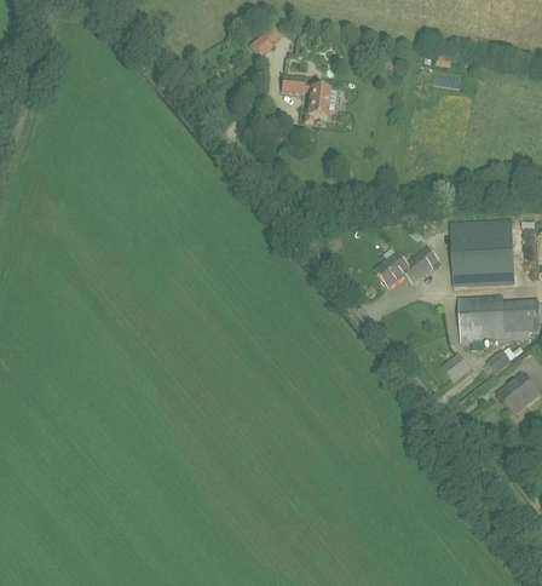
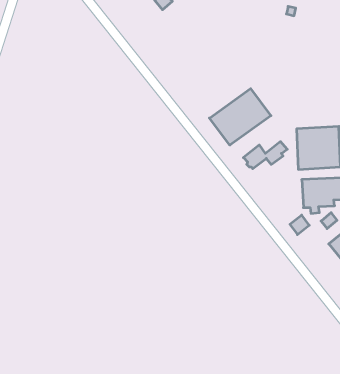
building: [281,75,330,121] -> none
building: none -> [209,89,271,145]

